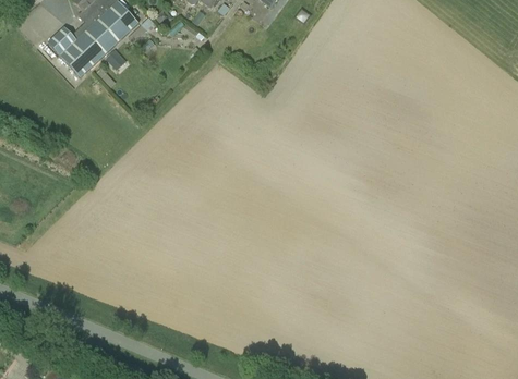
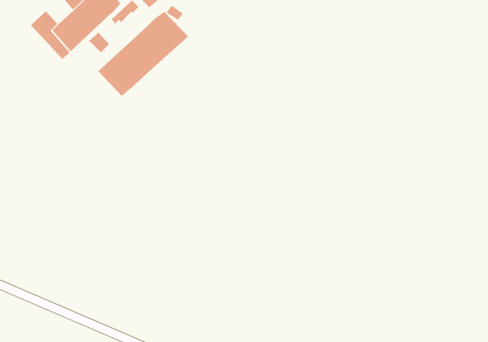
building: none -> [97,11,189,97]

